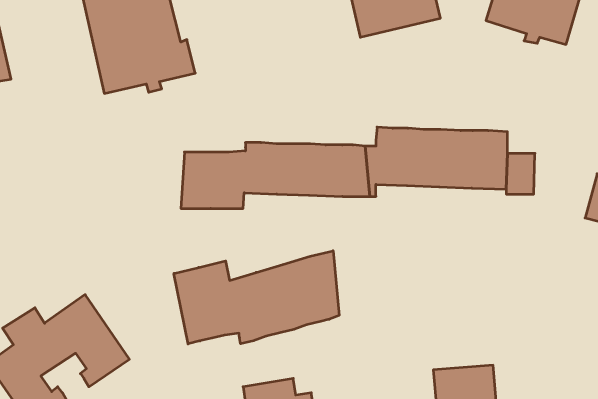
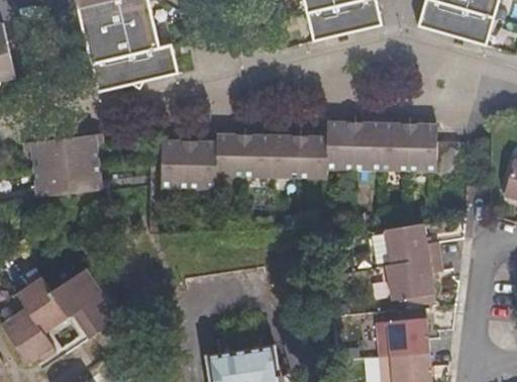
building: none -> [26,136,113,202]
building: [174,251,339,344] -> none
building: none -> [384,224,441,302]

